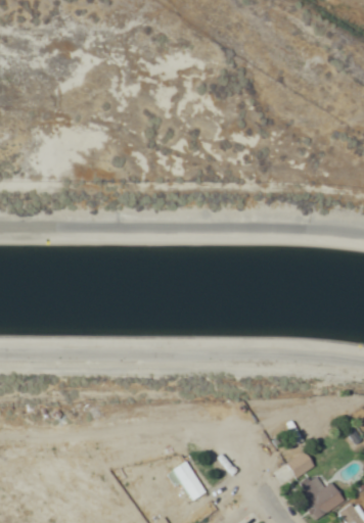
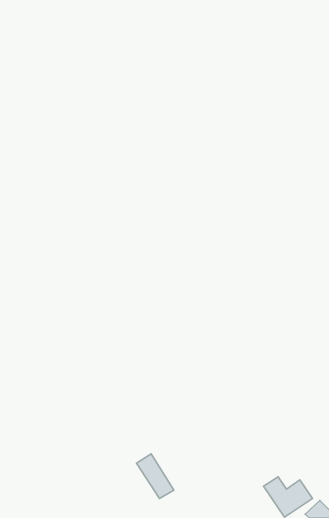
building: [286,449,315,477] -> none

